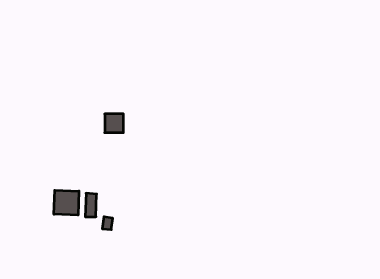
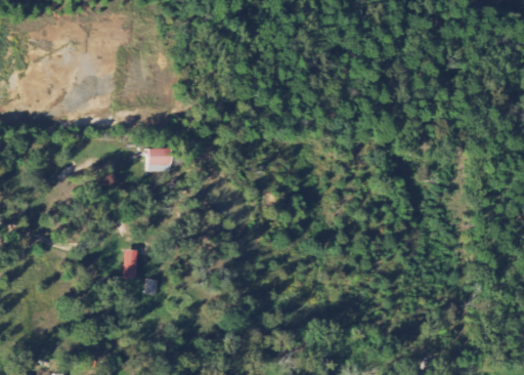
building: [54,190,79,215] -> none

